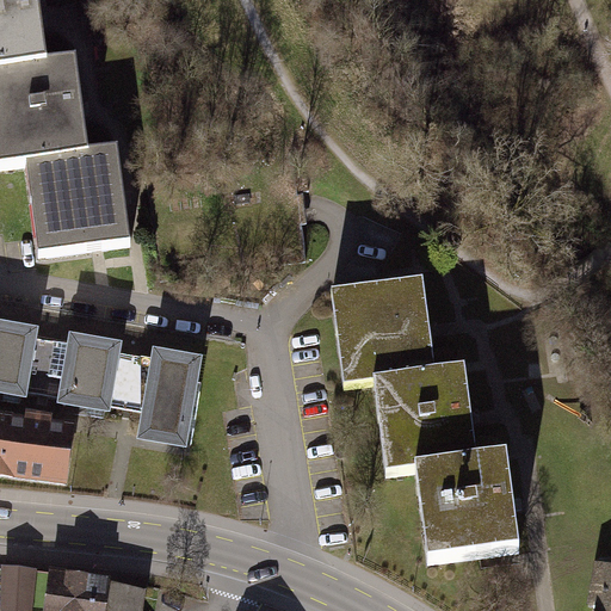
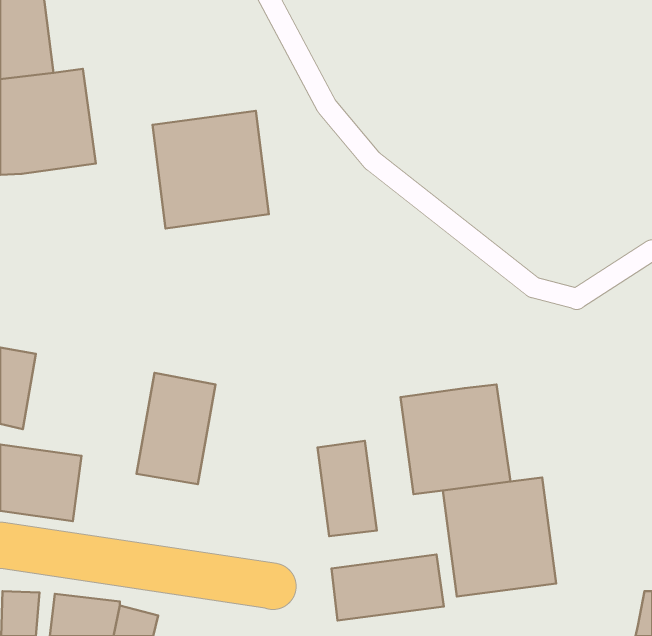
building: [20,149,129,259] -> [153,111,269,228]
building: [333,270,434,375] -> none
building: [49,333,118,412] -> none
building: none -> [317,441,377,536]
building: none -> [331,554,444,621]

